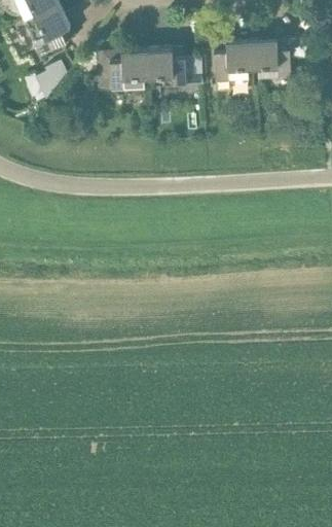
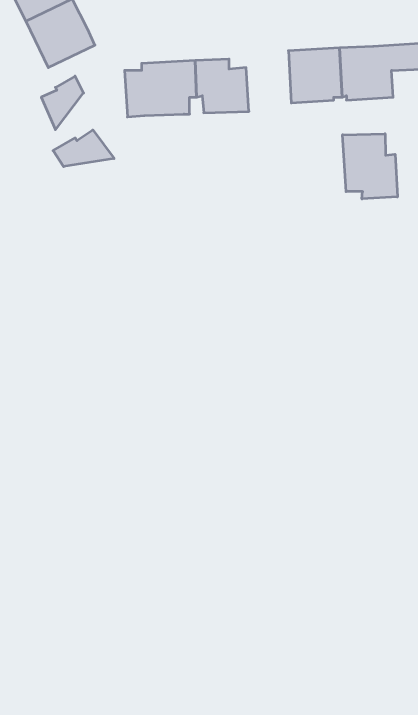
building: none -> [53,130,114,167]
building: none -> [343,134,397,199]

